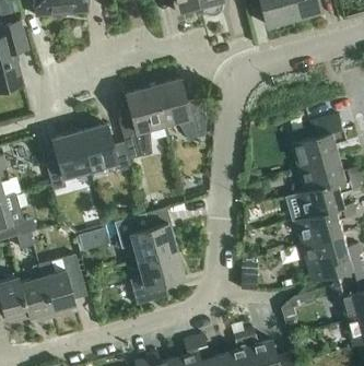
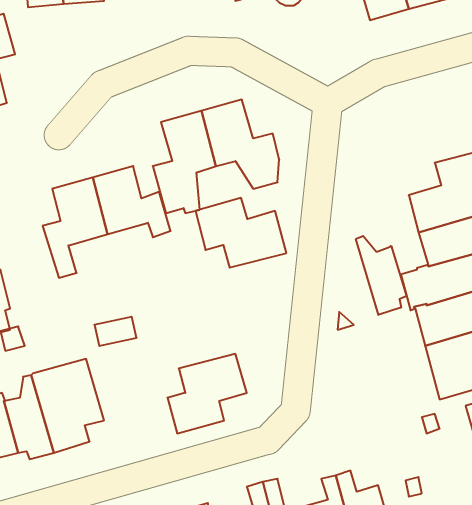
building: none -> [356,236,407,315]
building: [115,214,176,261] -> [196,198,286,268]

